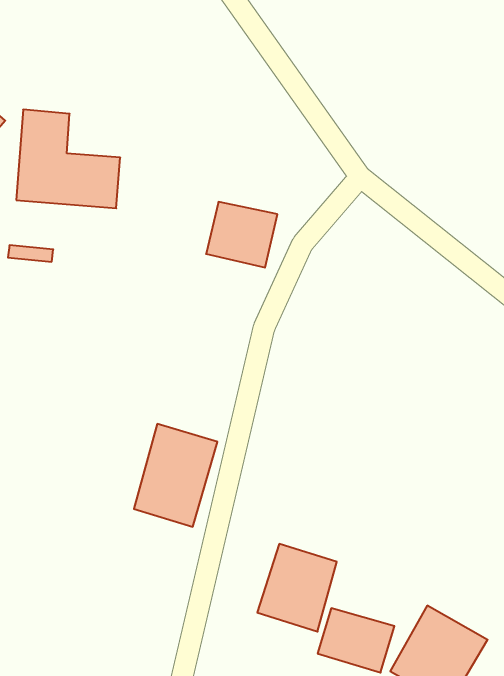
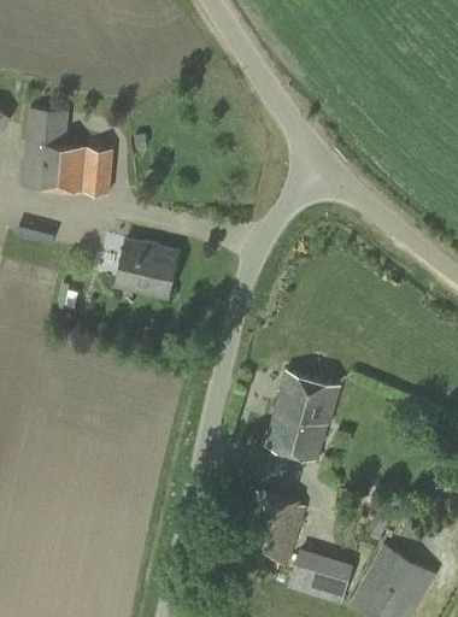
building: [206,202,277,268] -> [116,240,178,298]
building: [134,424,217,527] -> [265,371,339,462]

